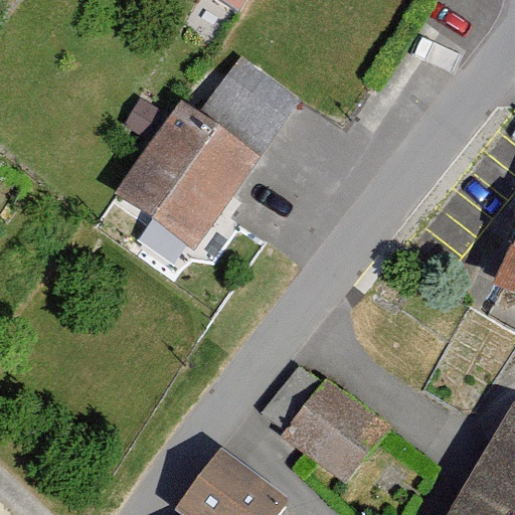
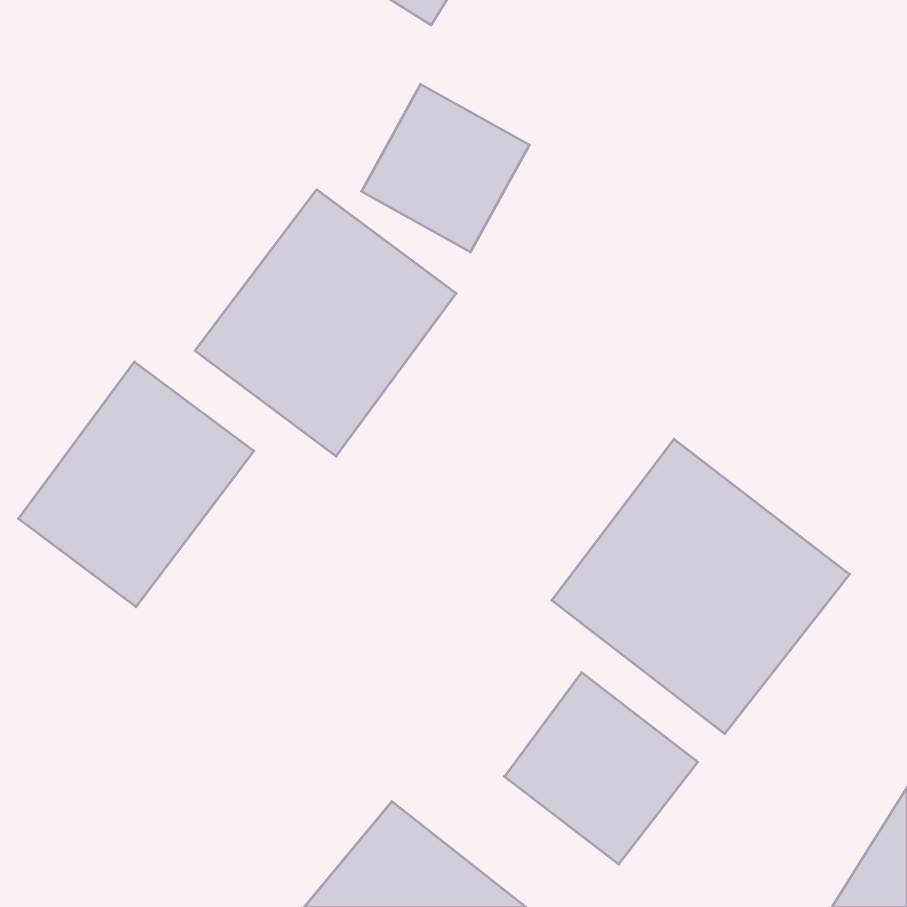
building: none -> [18,362,254,607]
building: none -> [552,439,850,734]

